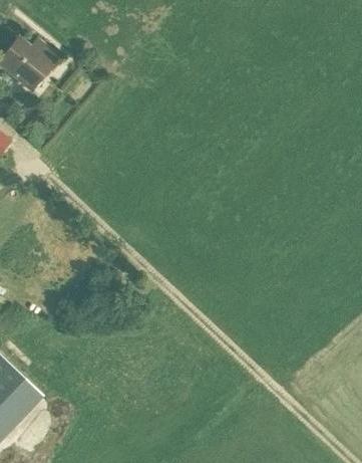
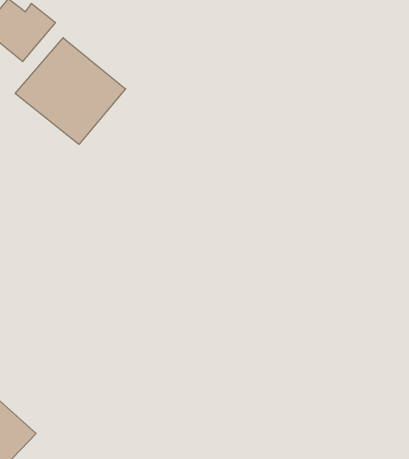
building: none -> [15,38,126,144]

